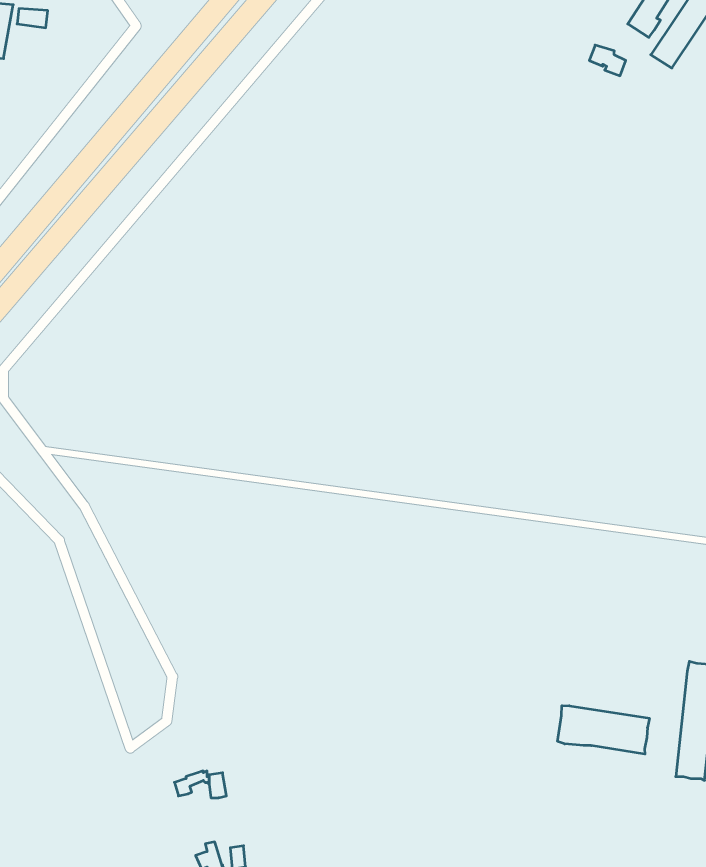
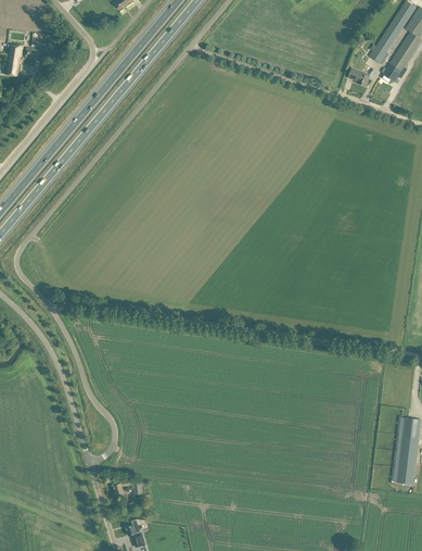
building: [558,706,649,754] -> none

